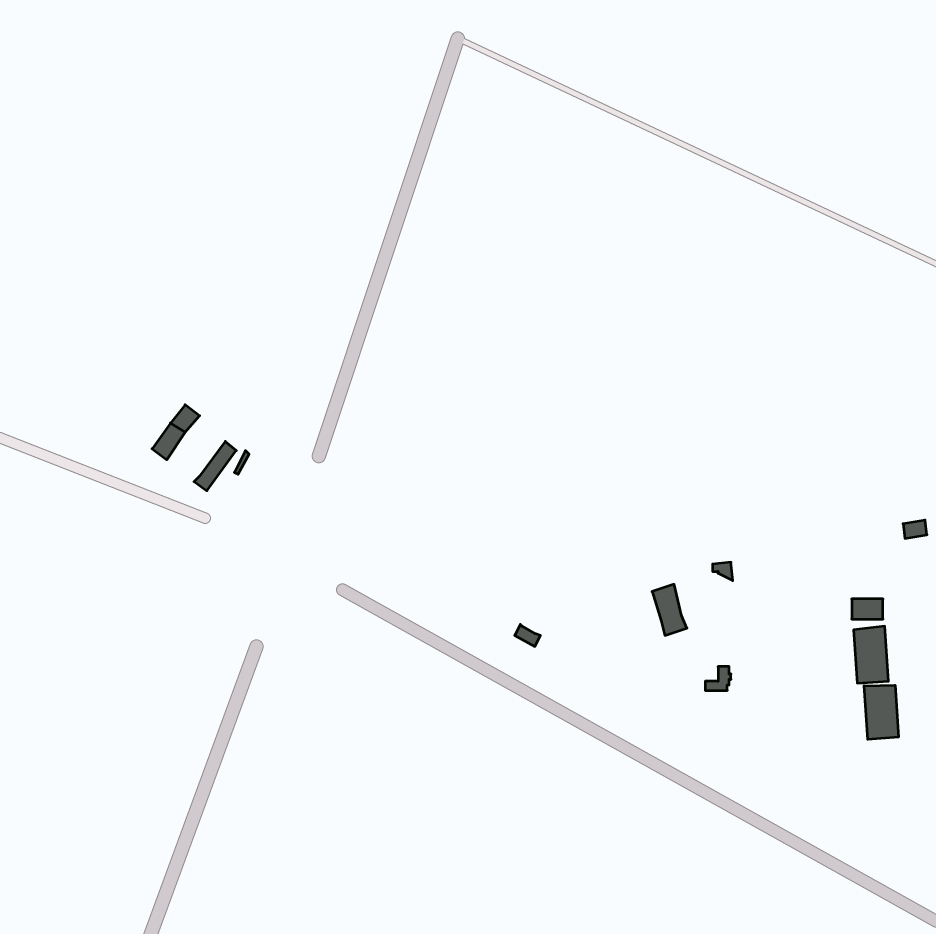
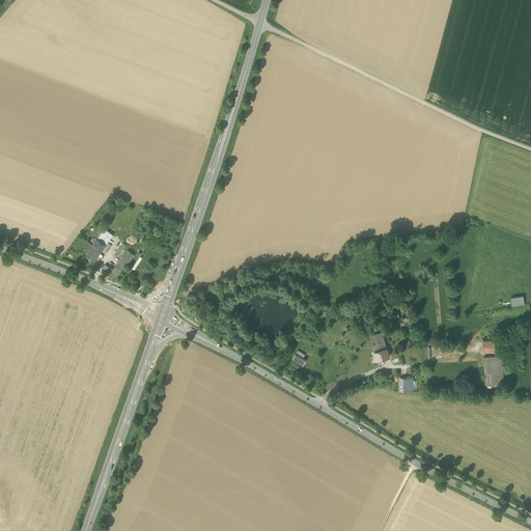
building: [864,685,898,739] -> none

